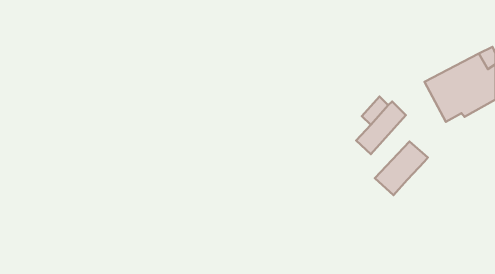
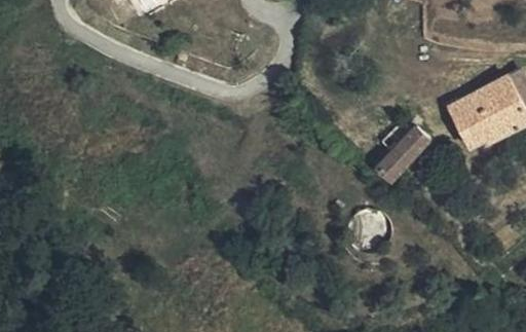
building: [375,141,428,195] -> none

